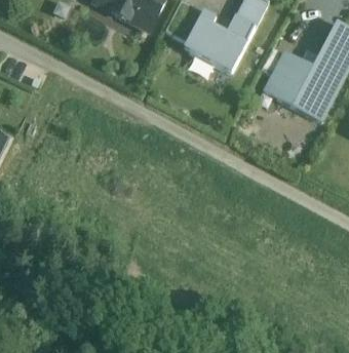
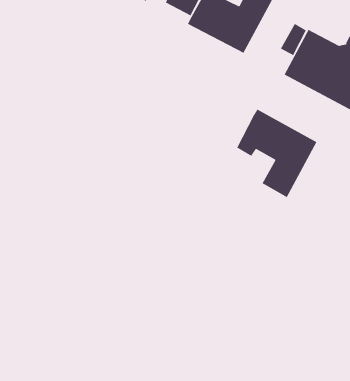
building: none -> [236,108,317,198]

